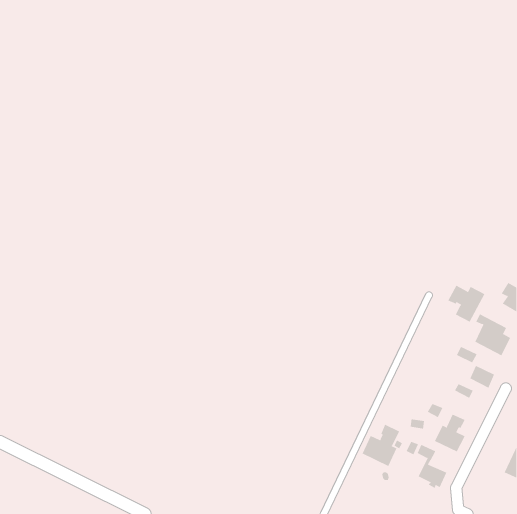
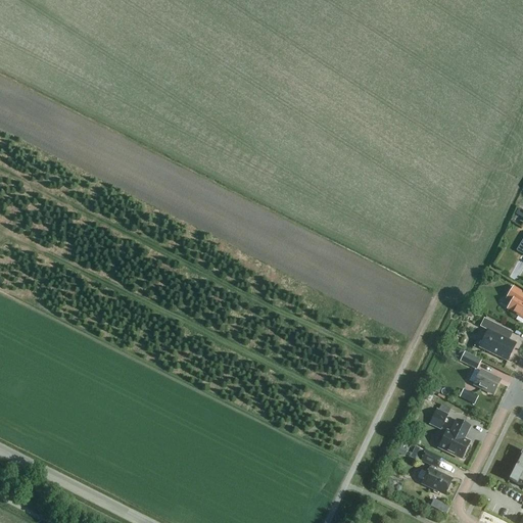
building: [447,285,485,323] -> none
building: [362,424,400,467] -> none

